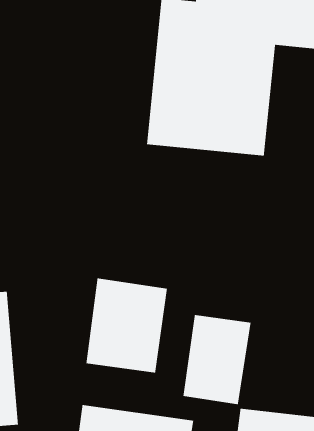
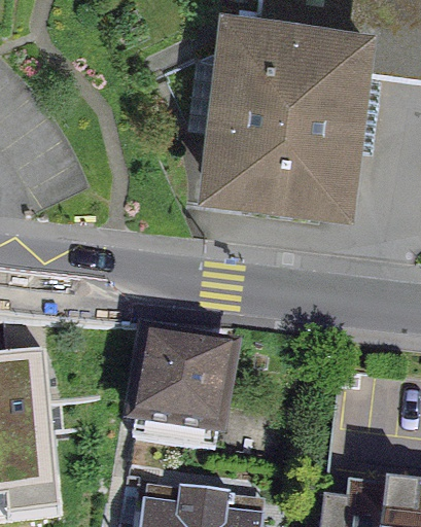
building: [182,314,251,405] -> none

